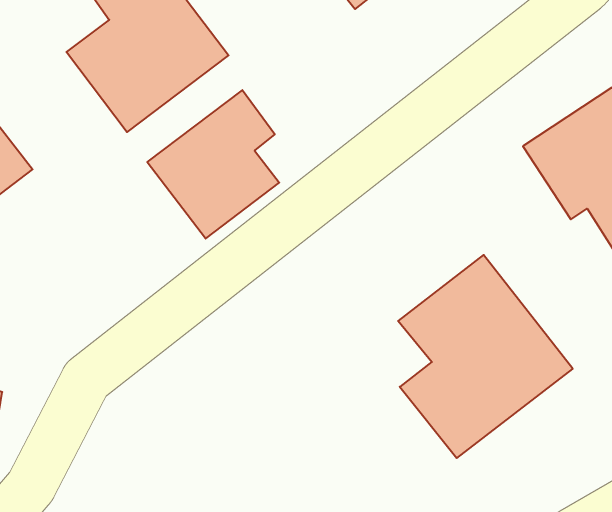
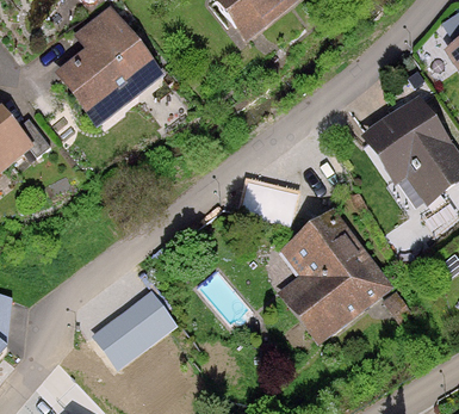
building: [147,90,279,239] -> none
building: none -> [94,288,174,362]

